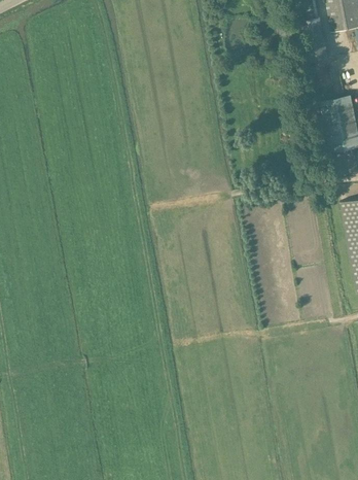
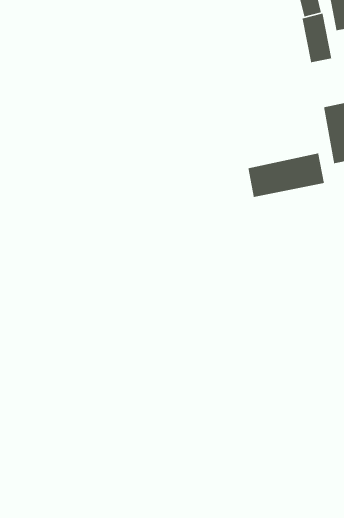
building: none -> [247,153,325,198]

